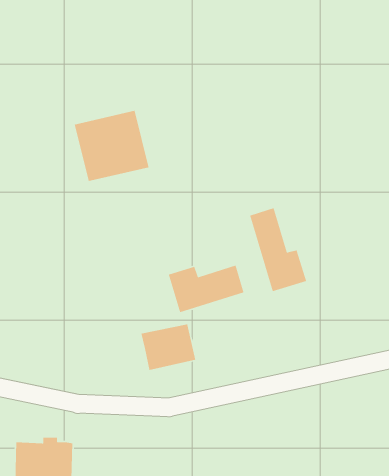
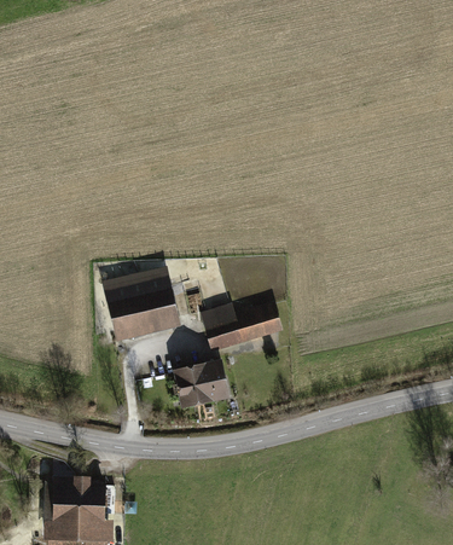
building: [74,110,149,182] -> [103,267,180,341]
building: [249,207,307,292] -> none

